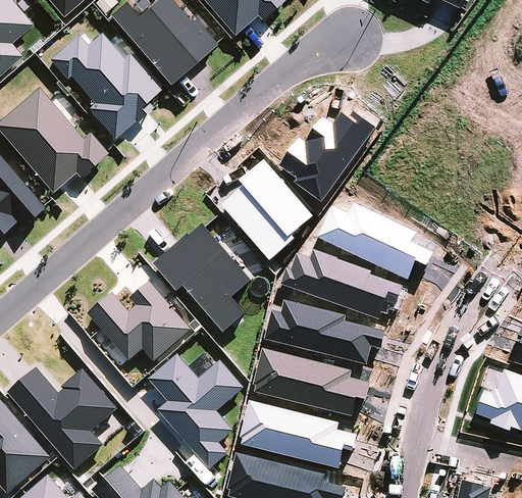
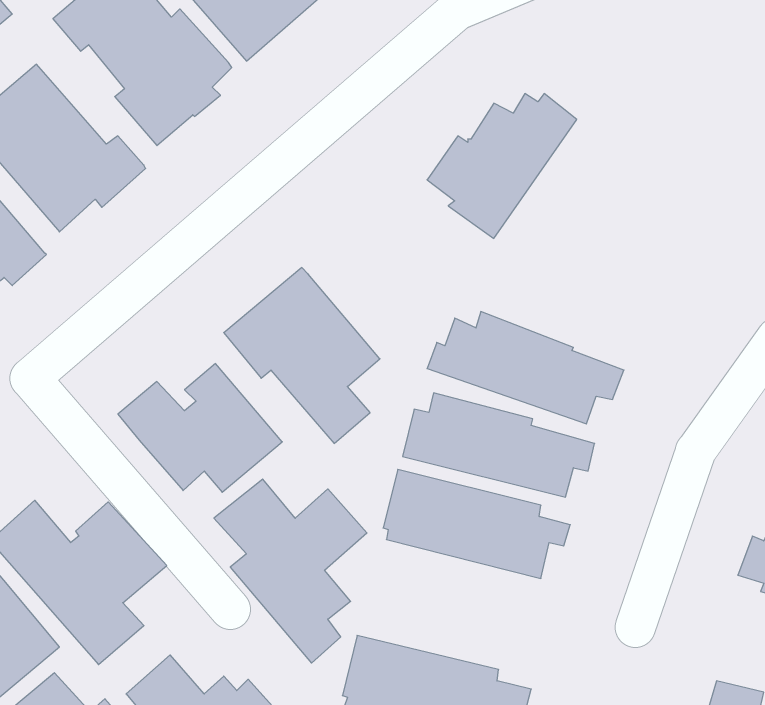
building: [223,156,315,258] -> none
building: [317,201,434,279] -> none
building: [241,398,357,466] -> none

